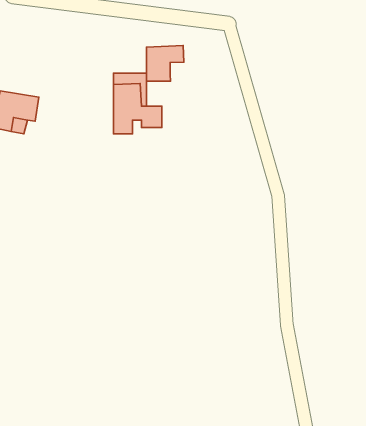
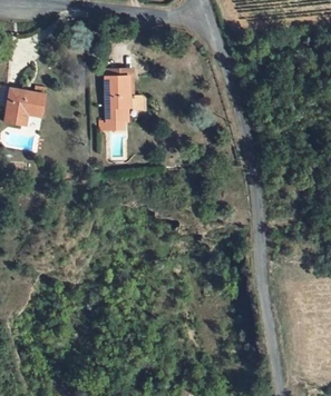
building: [146,46,184,81] -> none

